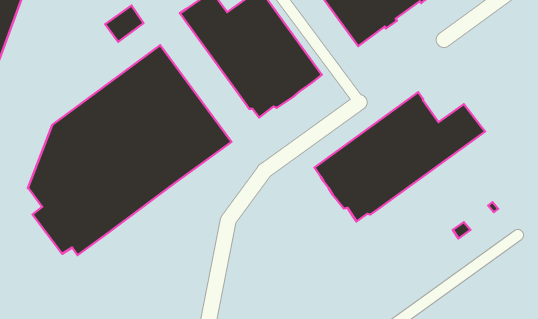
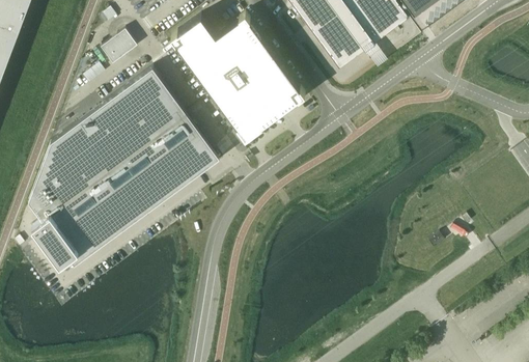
building: [314,92,485,221] -> none

